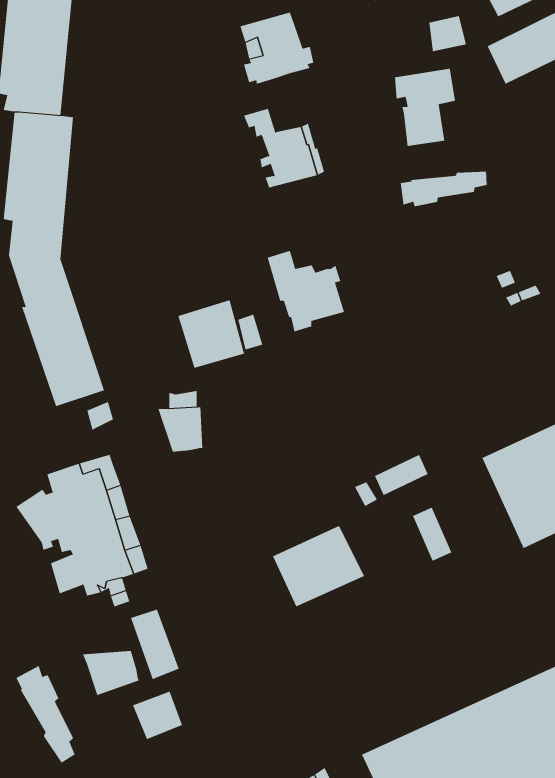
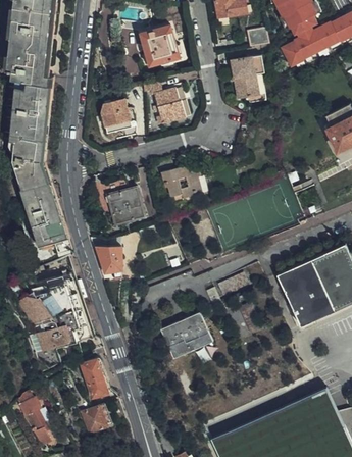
building: none -> [101,100,131,135]
building: [400,171,487,207] -> none
building: [82,650,140,696] -> none

